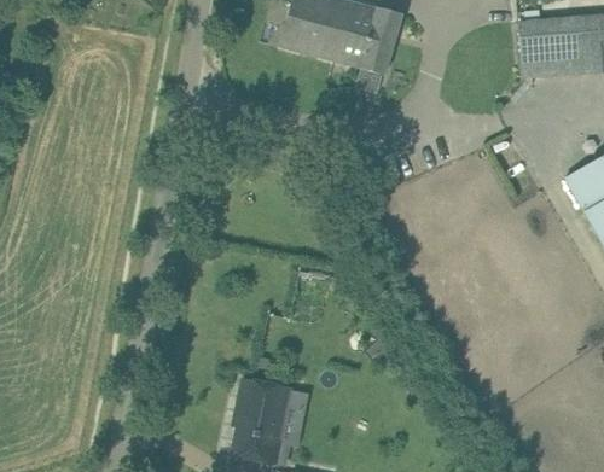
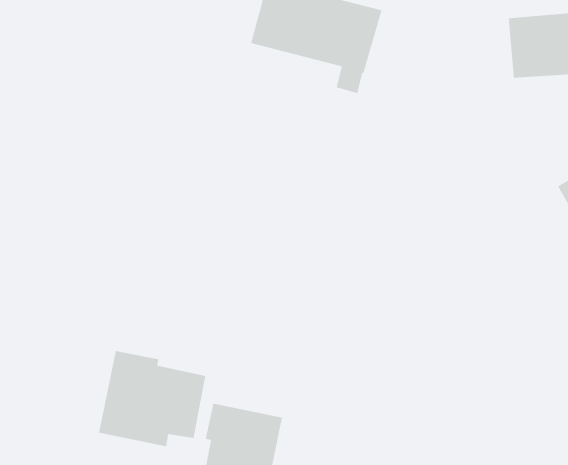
building: none -> [98,350,206,447]

